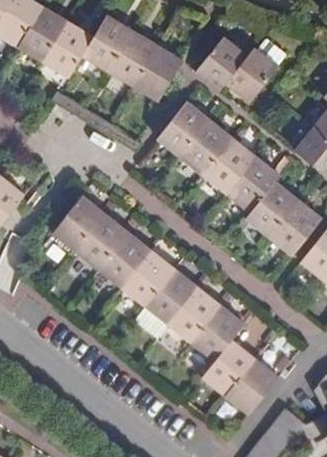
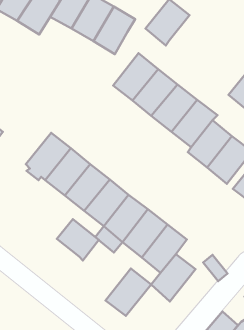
building: [224,47,278,103] -> none
building: none -> [57,219,99,260]
building: [225,358,279,415] -> [105,268,151,316]

